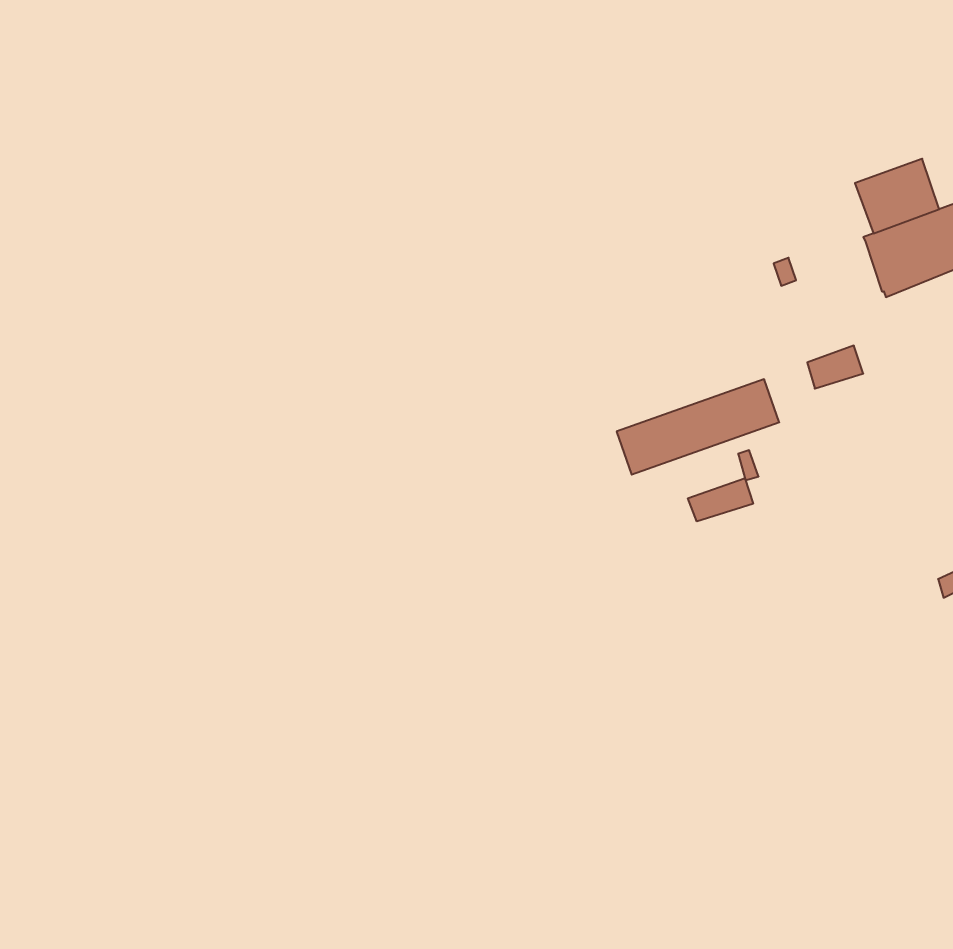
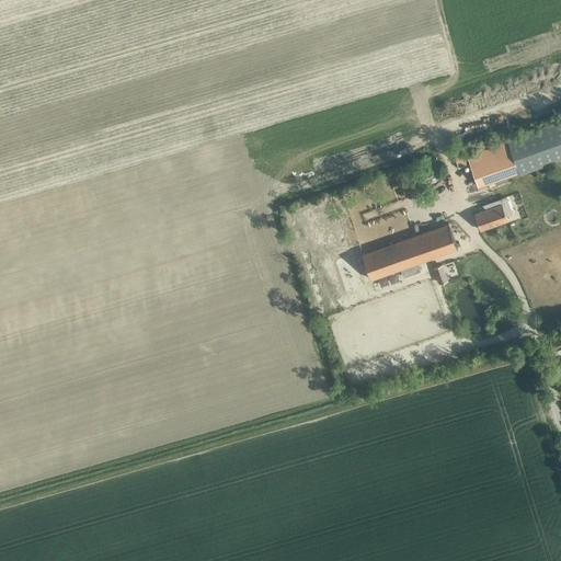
building: [855,159,939,233] -> [469,145,518,188]
building: [688,478,753,521] -> none

